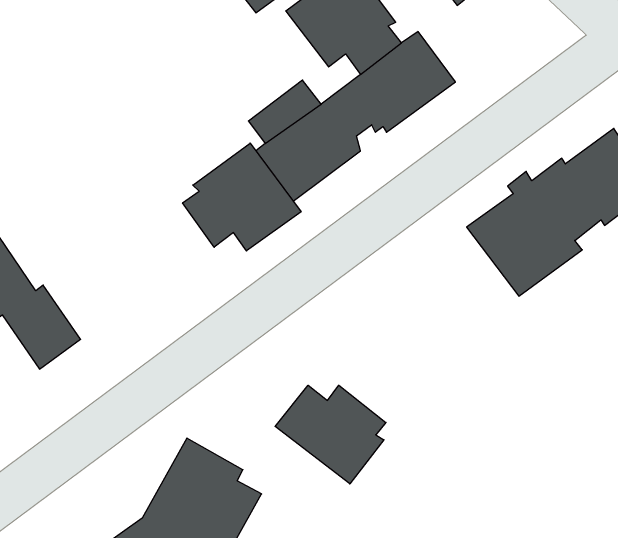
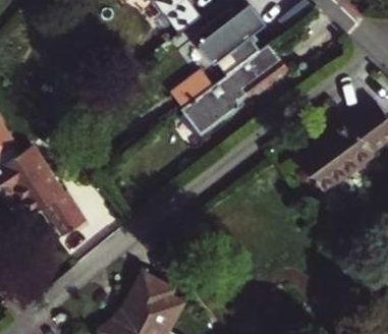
building: [183,143,301,251] -> none
building: [275,385,386,484] -> none

